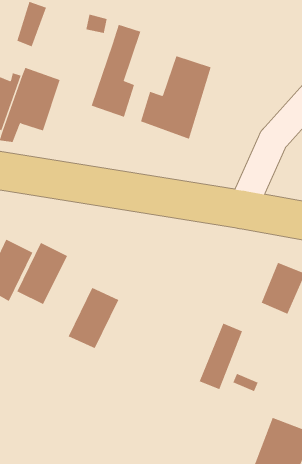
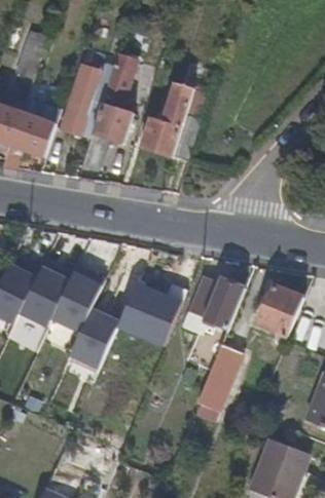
building: none -> [60,62,111,138]
building: none -> [49,271,100,333]
building: none -> [181,275,244,332]
building: none -> [117,279,181,346]

